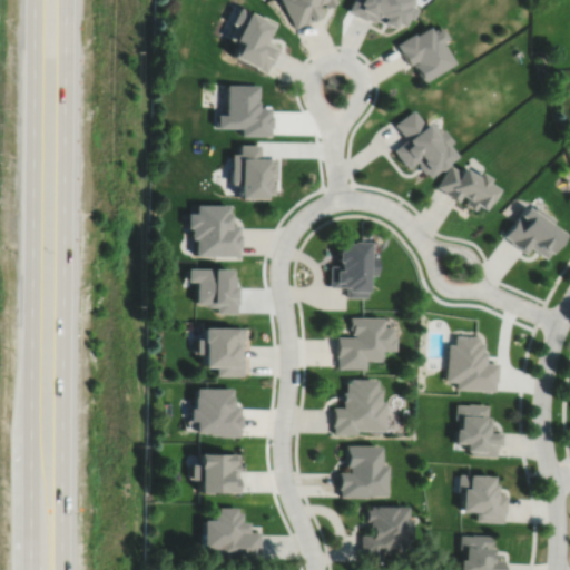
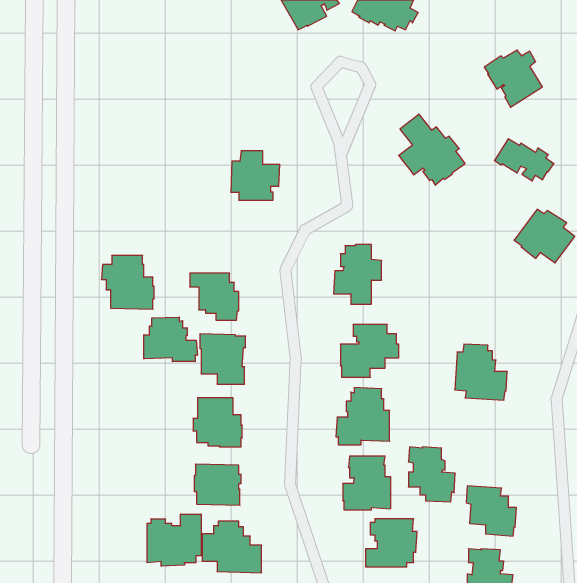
building: [228,11,282,76] -> none
building: [399,30,455,86] -> [484,50,542,107]
building: [217,88,274,139] -> none
building: [440,168,498,209] -> [494,139,554,181]
building: [190,204,242,256] -> [101,255,154,309]
building: none -> [144,317,197,362]
building: [458,404,503,458] -> [408,447,455,502]
building: none -> [147,514,201,566]

